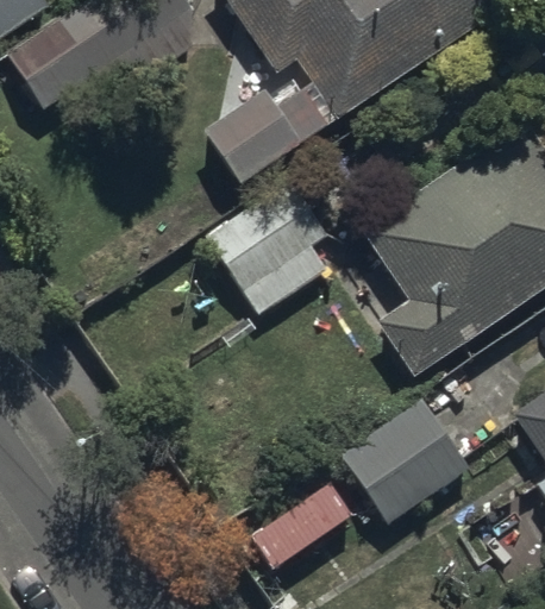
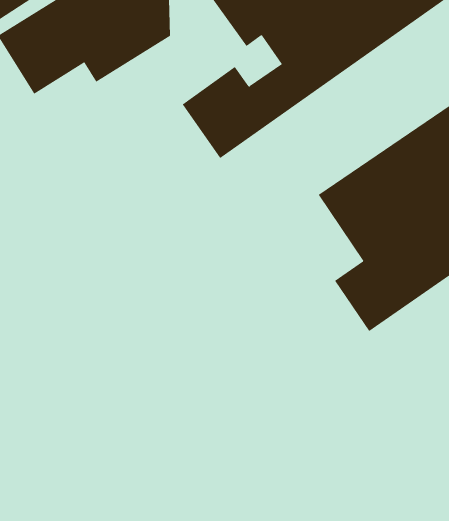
building: [211,186,334,315] -> none
building: [337,395,471,525] -> none

